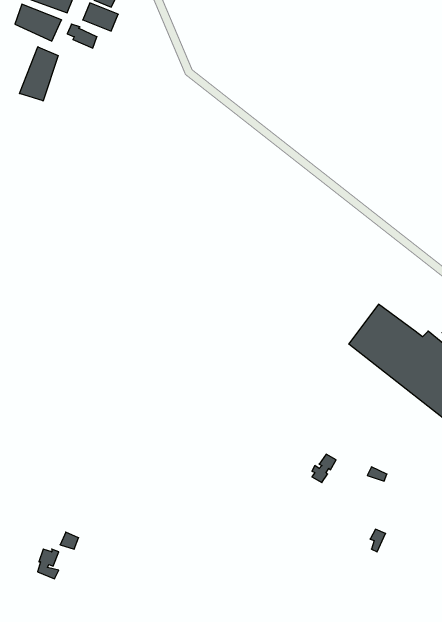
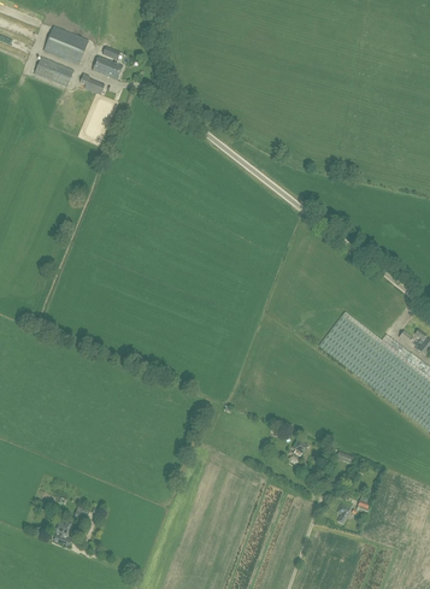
building: [20,47,58,101] -> none

